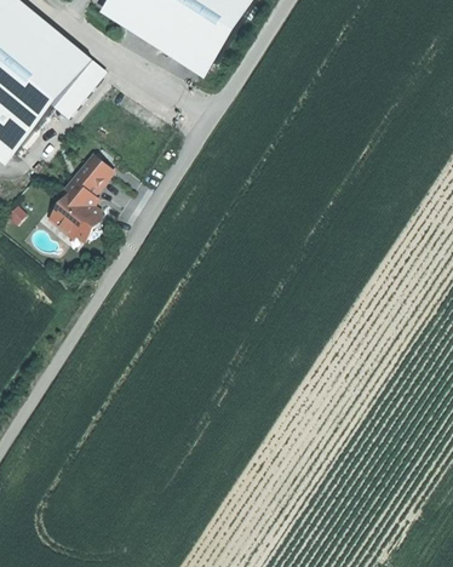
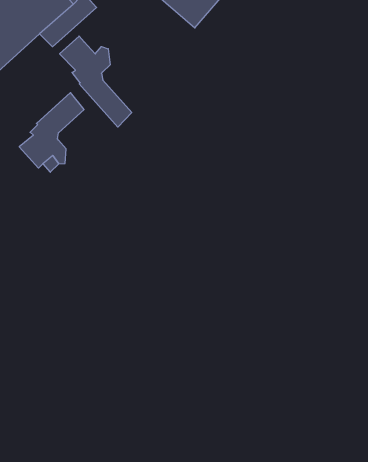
building: none -> [60,36,132,127]

